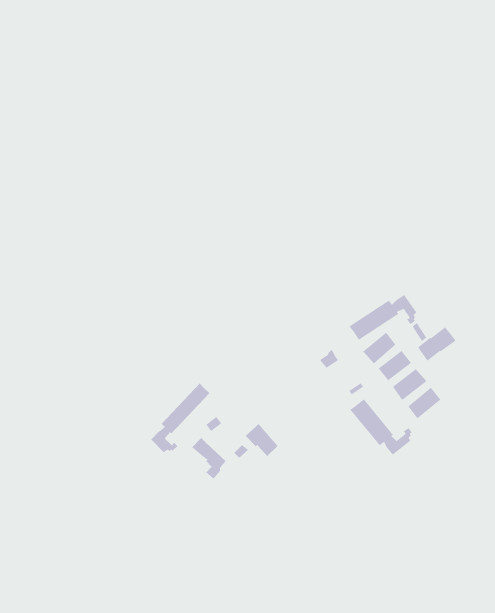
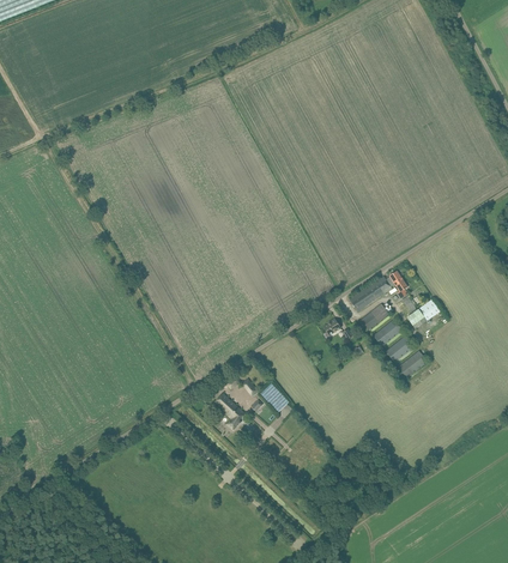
building: [150,383,210,453] -> none
building: [350,398,412,456] -> none

